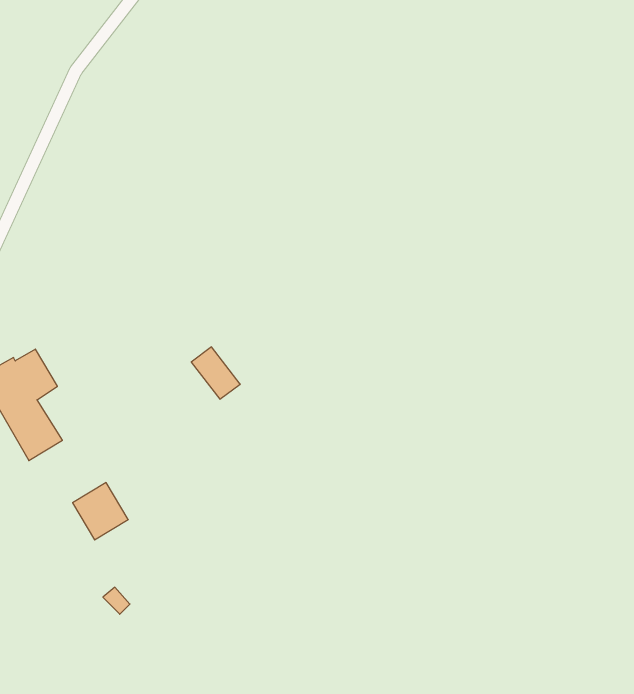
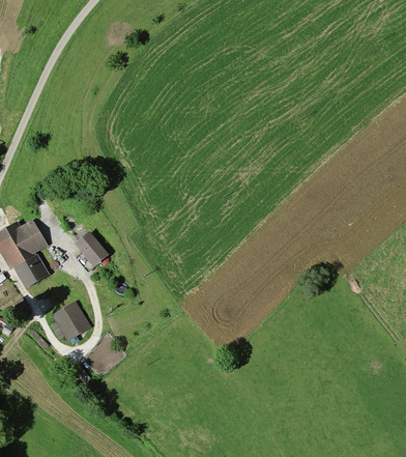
building: [191,347,240,399] -> [77,233,107,265]

